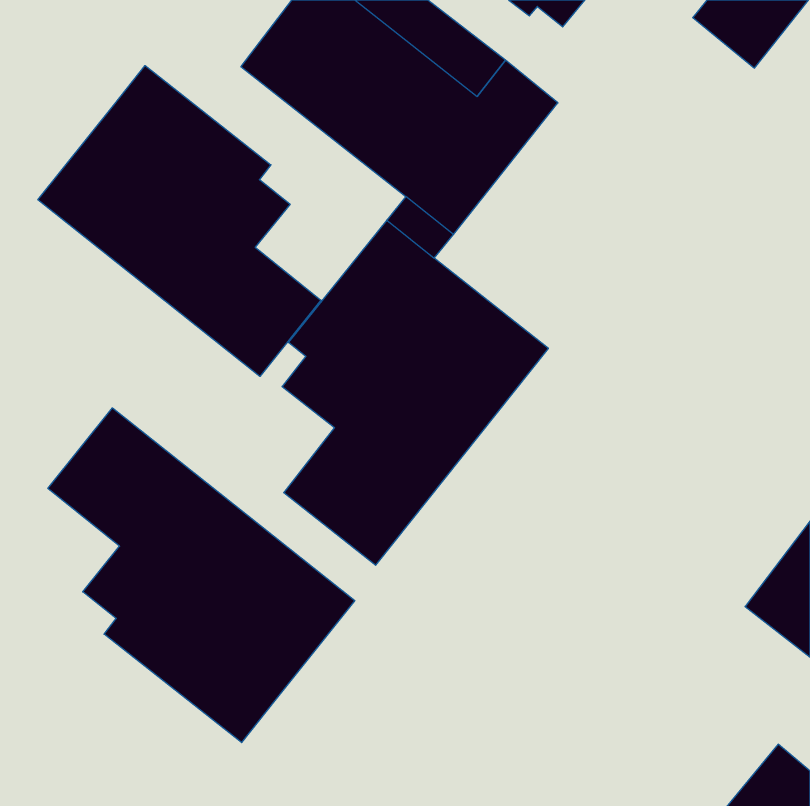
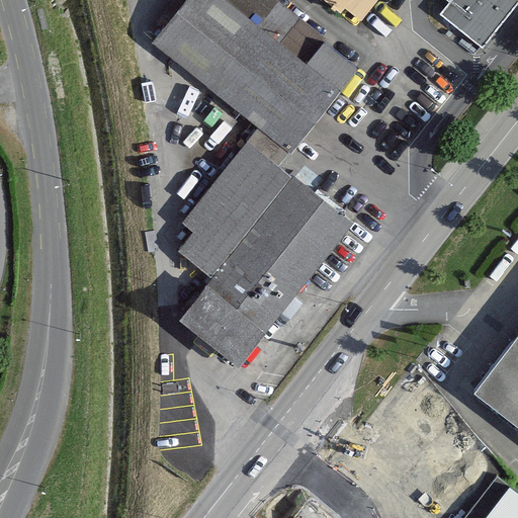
building: [38,66,321,376] -> none
building: [48,408,355,743] -> none

